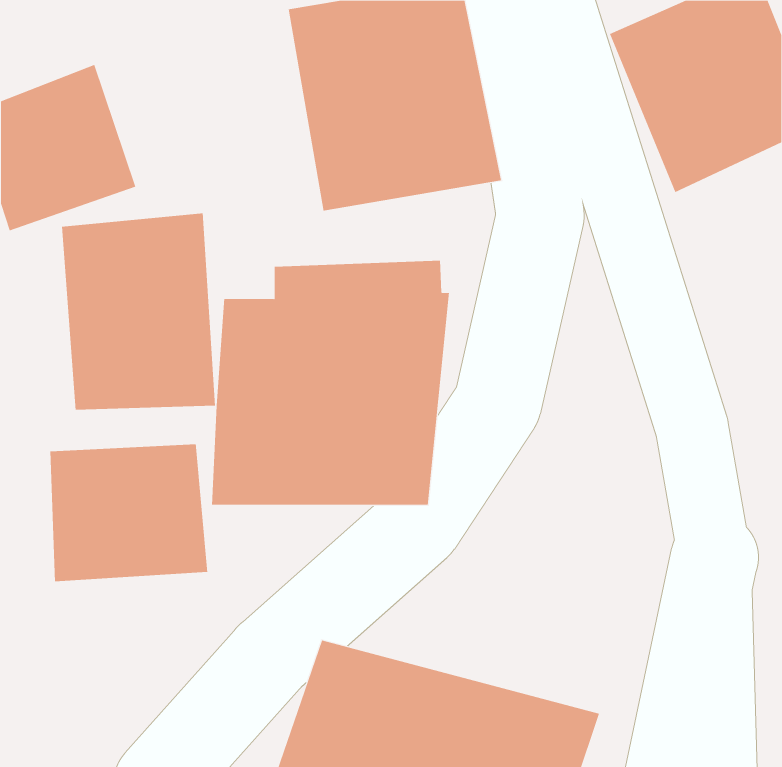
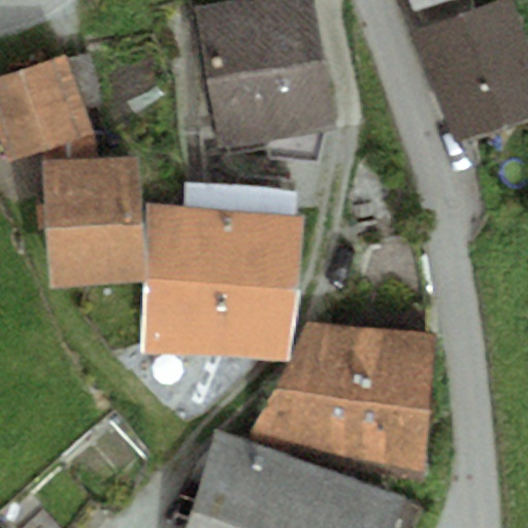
building: [50,444,208,582] -> none
building: none -> [252,329,437,468]

